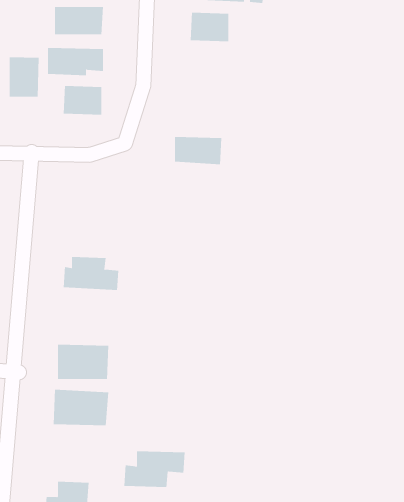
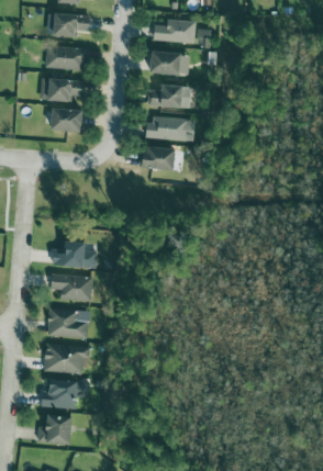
building: none -> [147,83,183,106]
building: [9,56,39,98] -> none
building: none -> [148,116,188,141]
building: none -> [52,274,92,300]
building: [123,451,186,487] -> [42,380,90,408]

